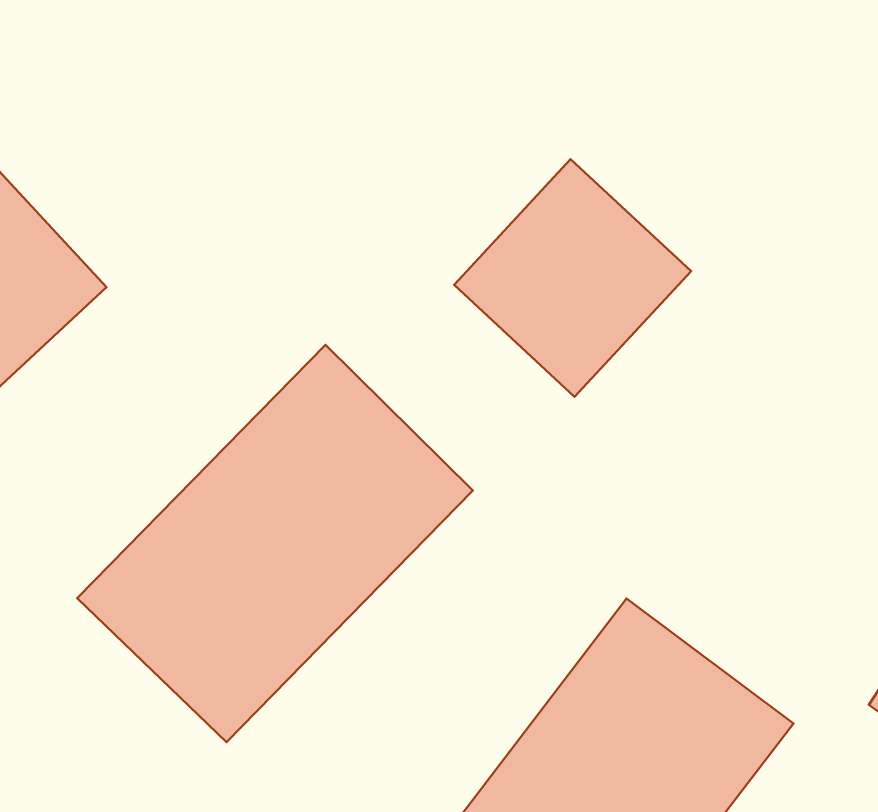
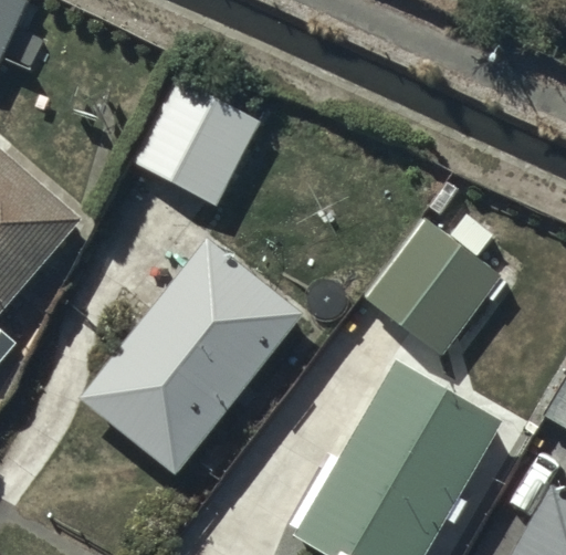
building: none -> [130,75,258,203]
building: [454,159,691,397] -> [365,217,500,353]

